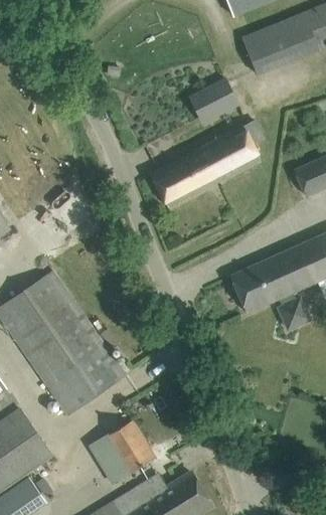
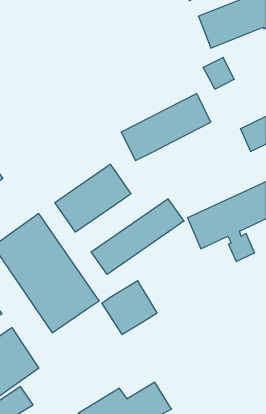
building: [201,79,238,118] -> [203,57,234,89]
building: none -> [55,164,131,232]
building: none -> [91,199,184,274]
building: [89,420,155,485] -> [102,281,157,335]

